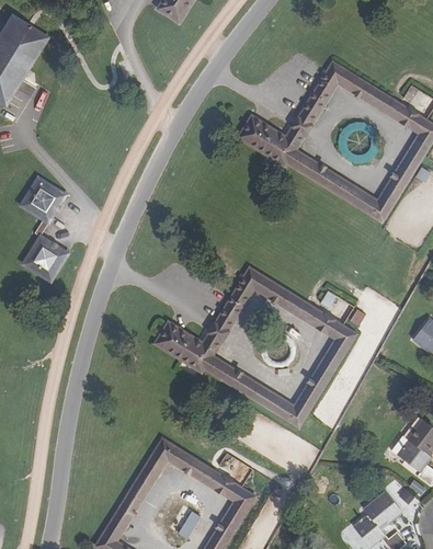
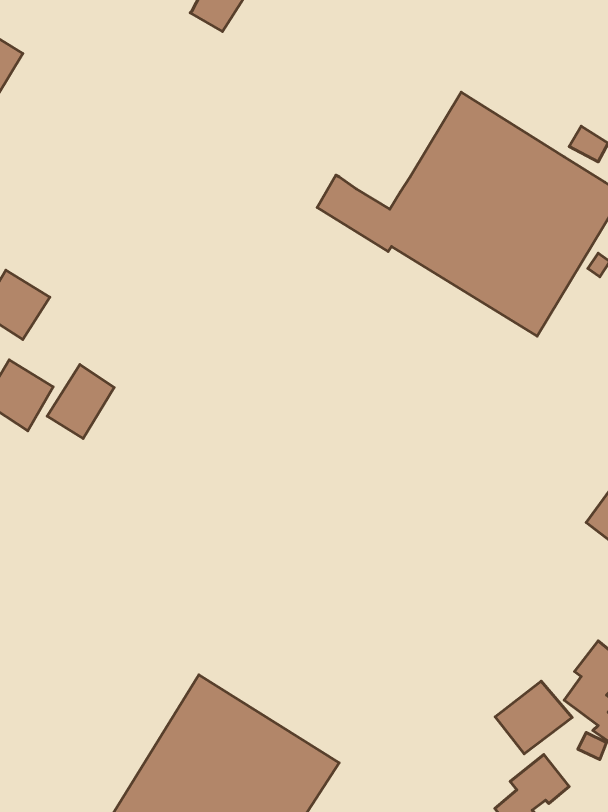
building: none -> [47,364,114,438]
building: [157,263,356,421] -> none
building: none -> [495,681,572,754]

